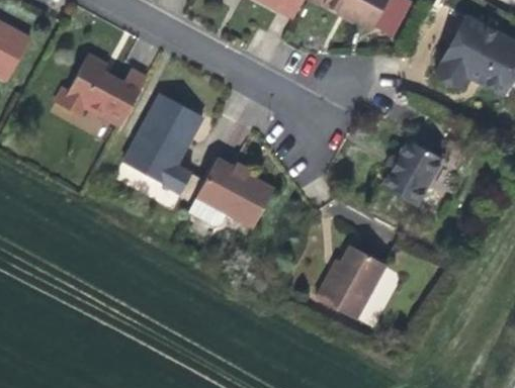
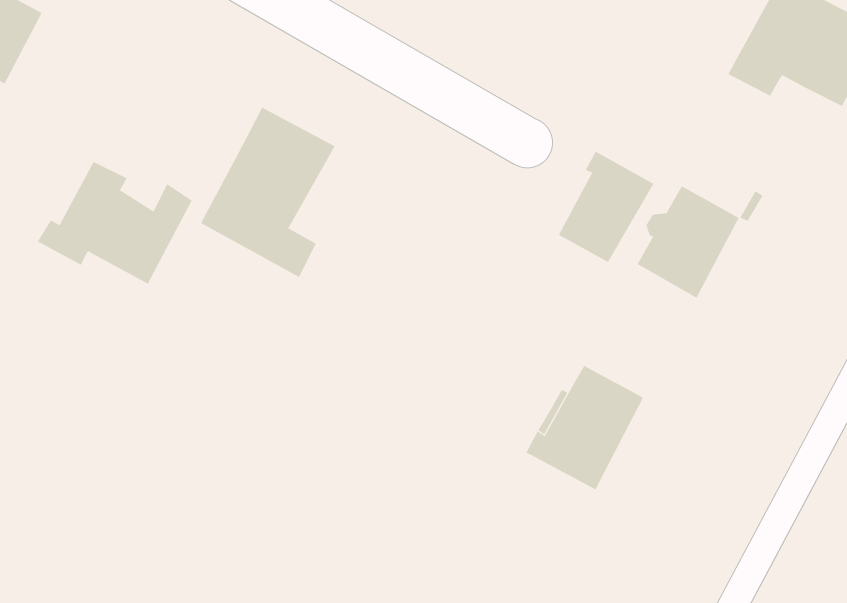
building: [55,54,147,126] -> [37,161,193,284]
building: none -> [558,151,654,263]
building: [189,158,275,227] -> none

